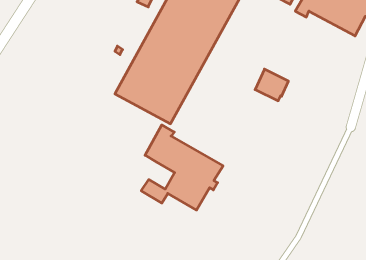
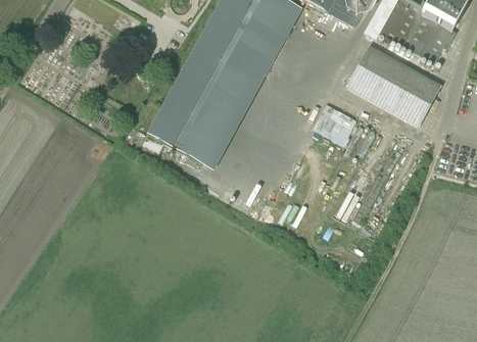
building: none -> [347,45,441,125]
building: [141,125,223,210] -> none

